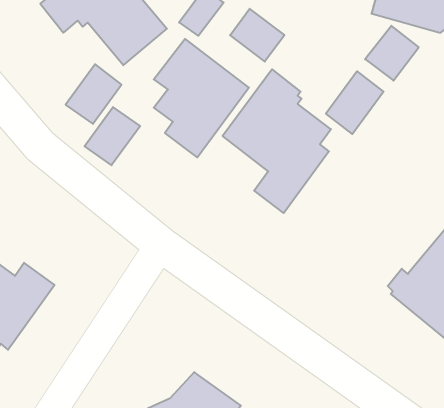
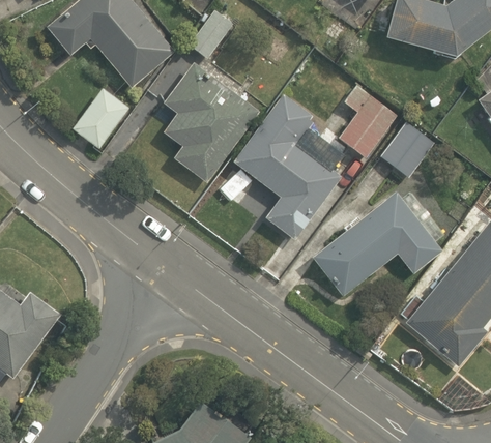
building: [230,9,284,62] -> none
building: [365,26,419,81] -> [380,121,435,177]
building: [85,107,140,165] -> none
building: none -> [312,190,444,295]

